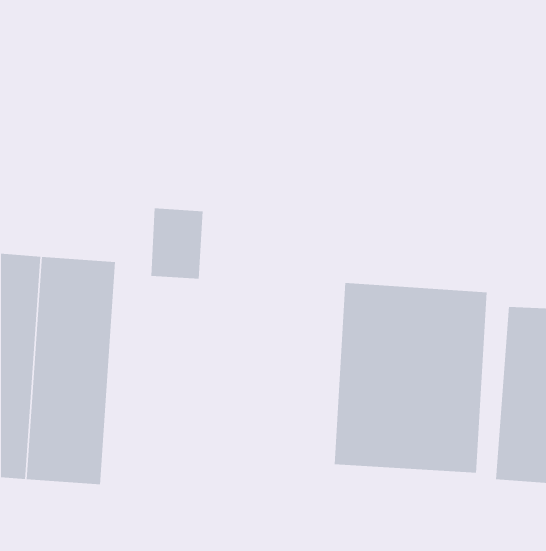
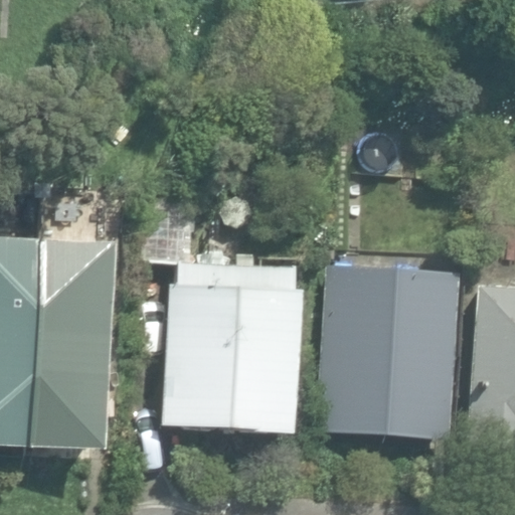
building: none -> [162,263,301,434]

